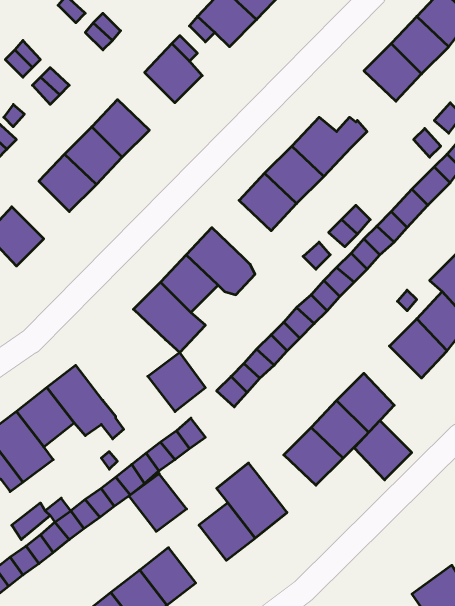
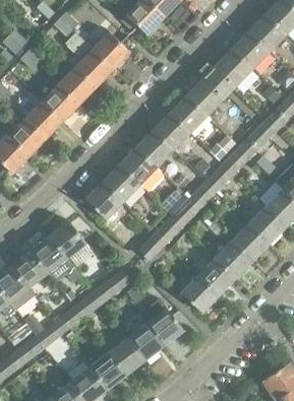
building: none -> [66,32,112,86]
building: none -> [203,49,252,87]
building: none -> [8,119,45,155]
building: none -> [135,131,173,168]
building: [148,352,205,412] -> [49,220,85,258]
building: [354,421,412,480] -> [232,223,269,261]
building: [129,474,187,531] -> [108,337,144,374]

